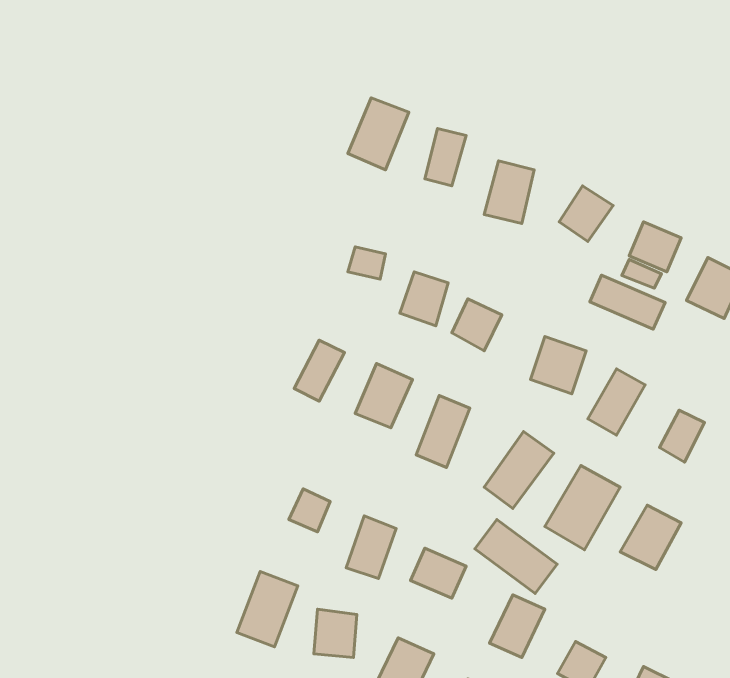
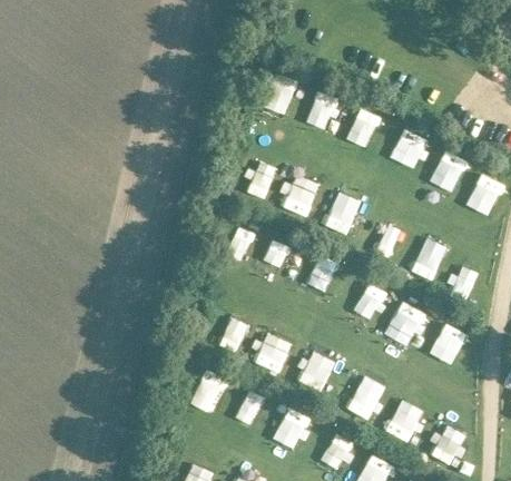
building: [590,275,665,329] -> none
building: [475,520,557,593] -> none

